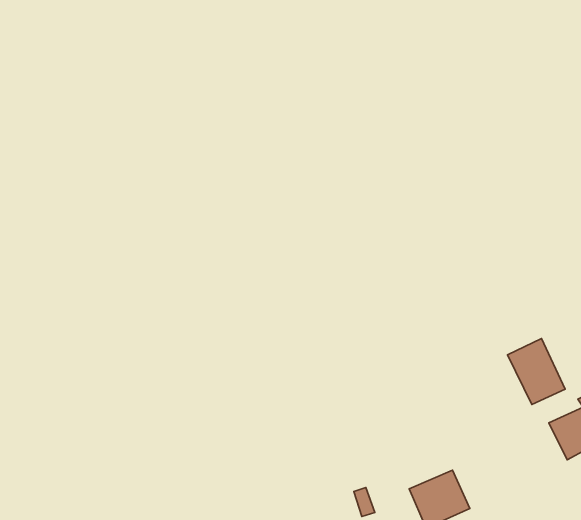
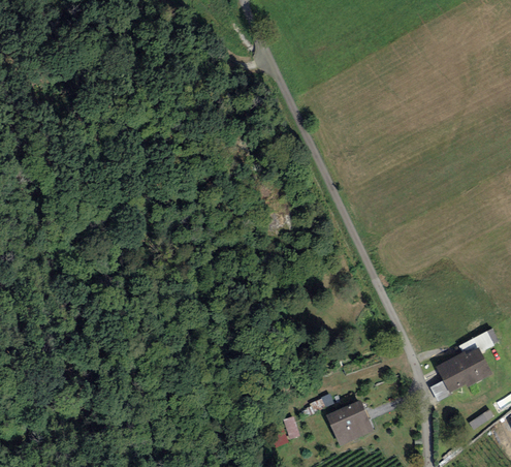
building: [508,339,565,405] -> none

